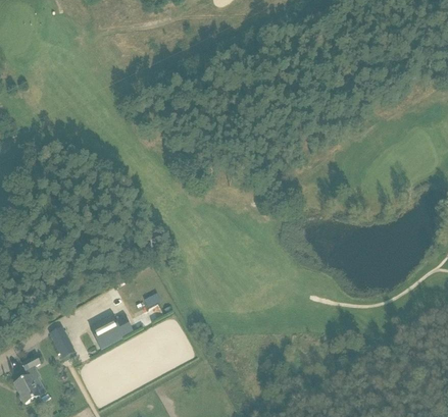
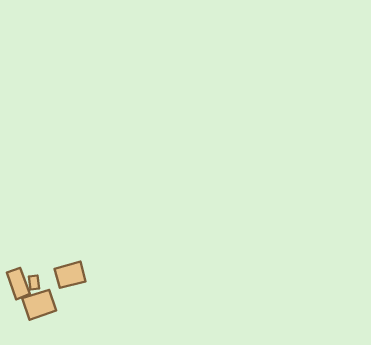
building: none -> [22,290,56,320]

